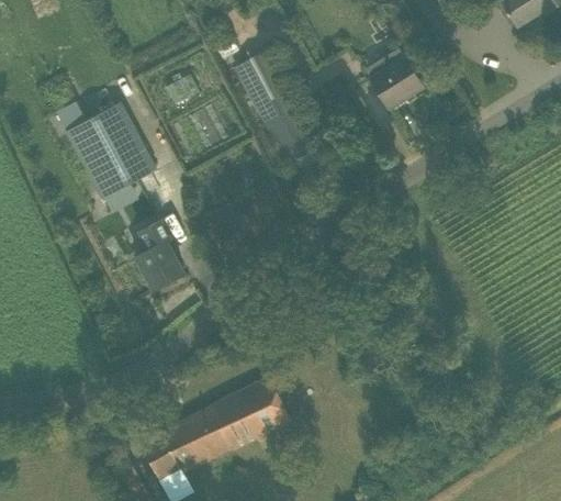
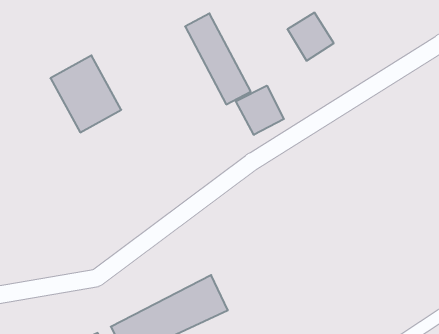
building: none -> [236,86,284,135]
building: [136,220,183,289] -> none

